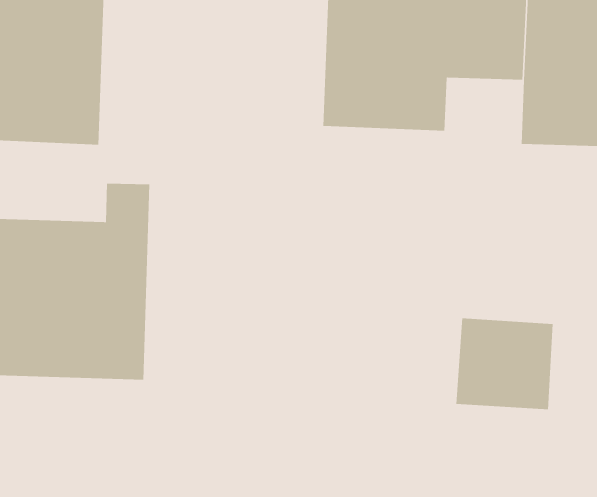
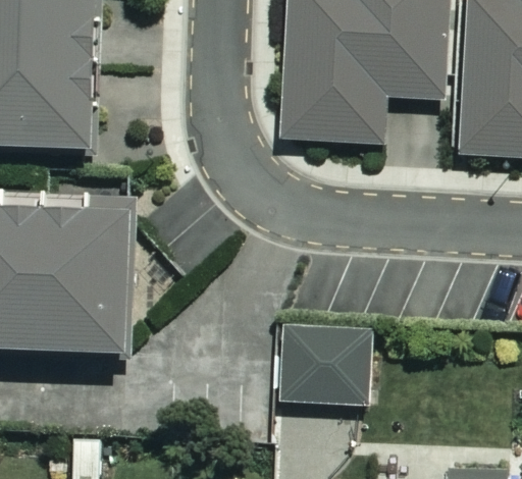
building: [456,318,554,410] -> [283,323,368,403]

